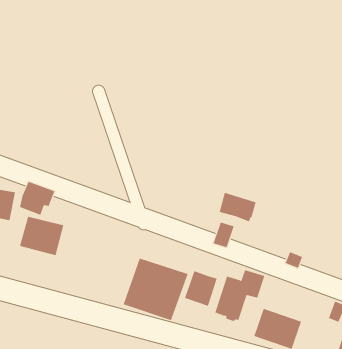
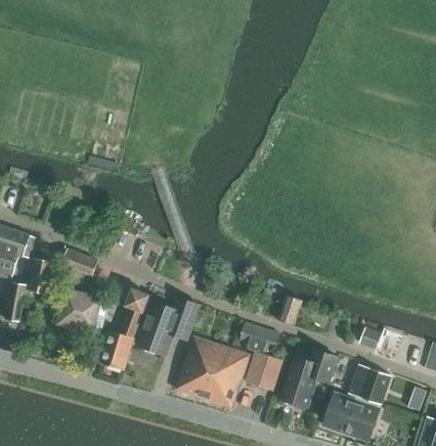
building: [219,192,257,222] -> [237,322,280,356]
building: none -> [98,289,149,369]
building: none -> [136,298,199,355]
building: none -> [348,364,390,404]

